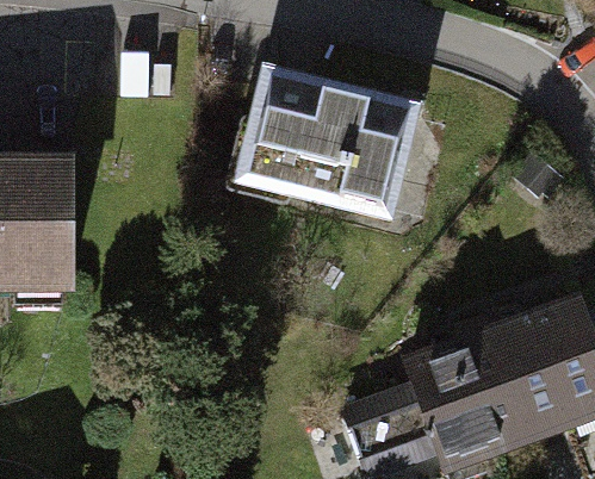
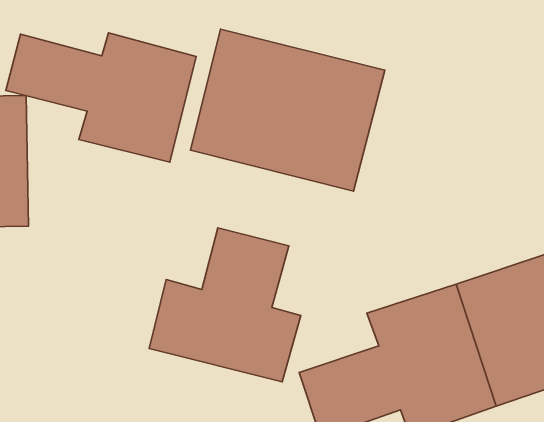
building: none -> [6,33,196,162]
building: none -> [149,228,301,382]

